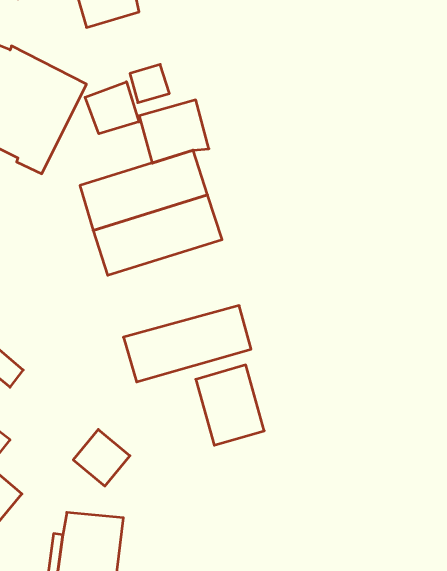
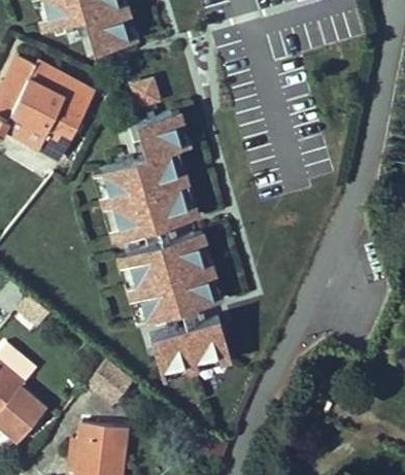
building: [85,82,139,134] -> none
building: none -> [116,226,216,289]
building: none -> [151,321,197,381]

